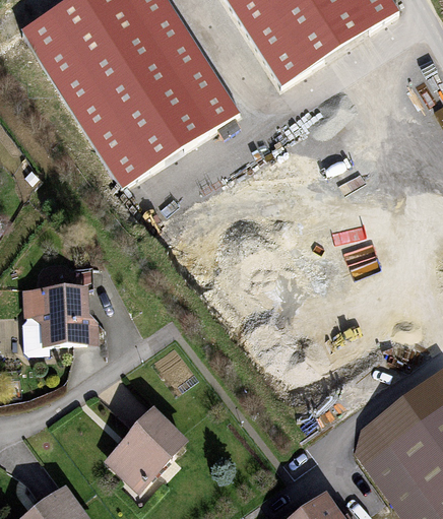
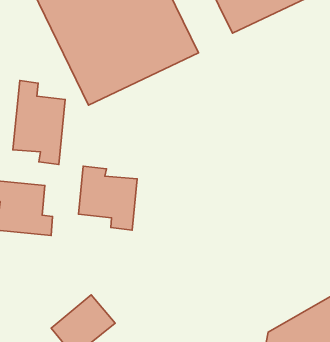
building: none -> [13,80,65,164]
building: none -> [78,166,137,230]

